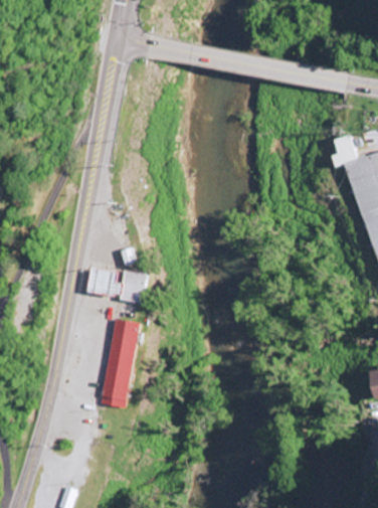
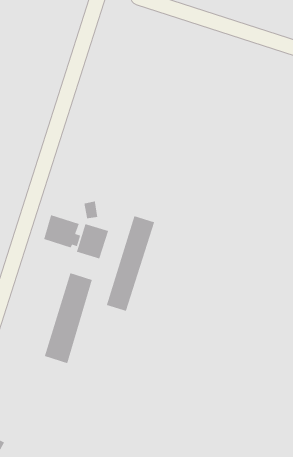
building: none -> [106,215,155,312]

